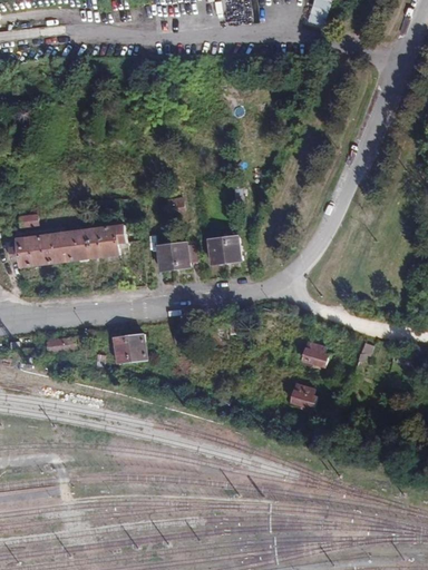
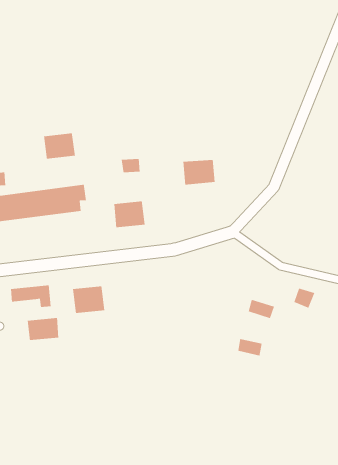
building: none -> [44,132,75,159]
building: [206,236,242,264] -> [182,159,215,185]
building: none -> [27,317,59,341]

